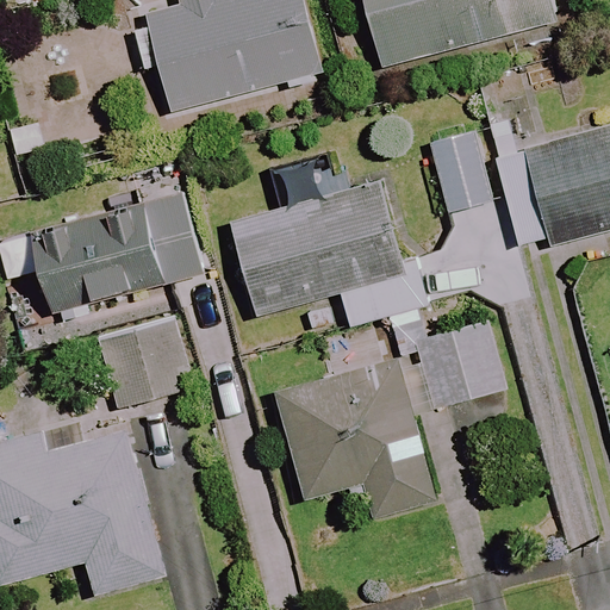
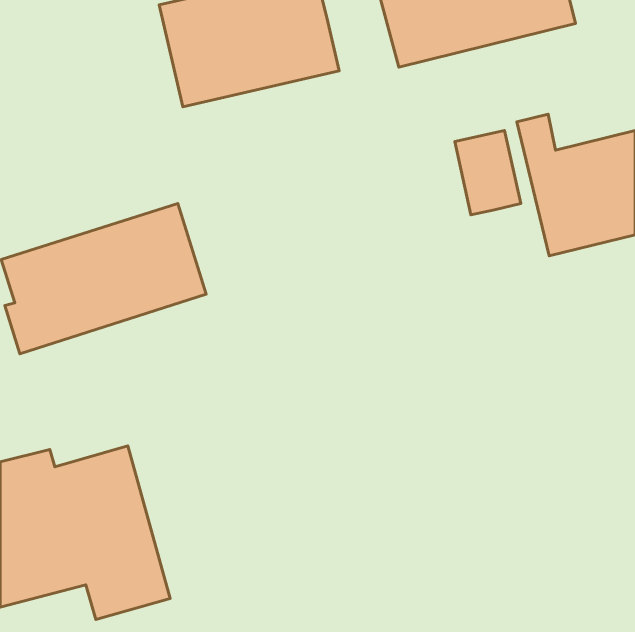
building: [232,185,435,319] -> none
building: [92,312,188,409] -> none
building: [411,319,502,409] -> none
building: [248,361,430,517] -> none

